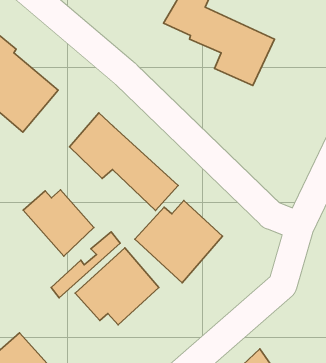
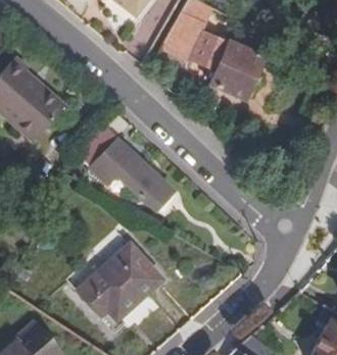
building: [23,190,94,256] -> none
building: [135,200,223,283] -> none

